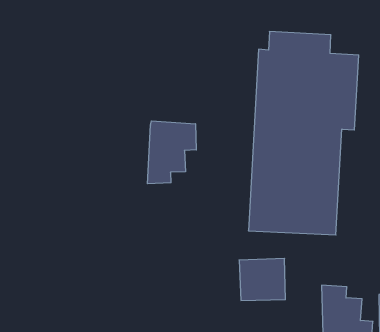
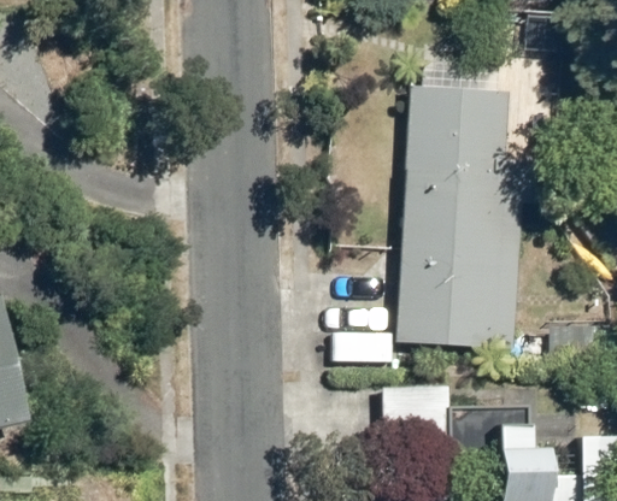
building: [147,121,196,184] -> none

